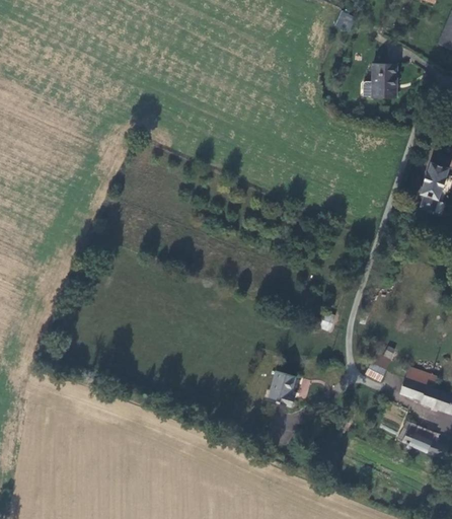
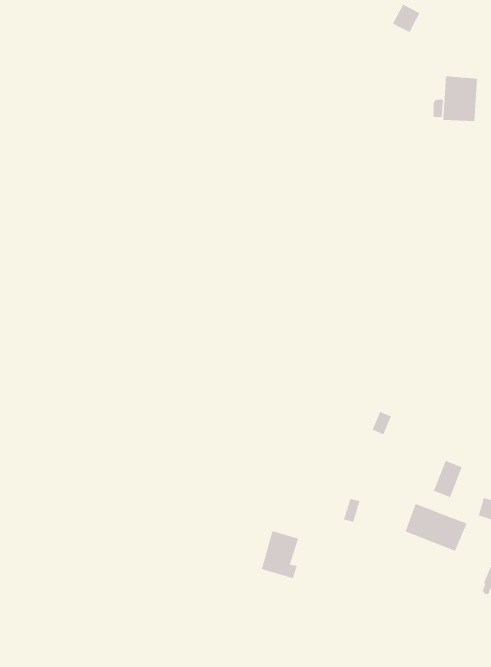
building: [268,369,296,405] -> [261,530,299,579]
building: none -> [405,503,467,552]

